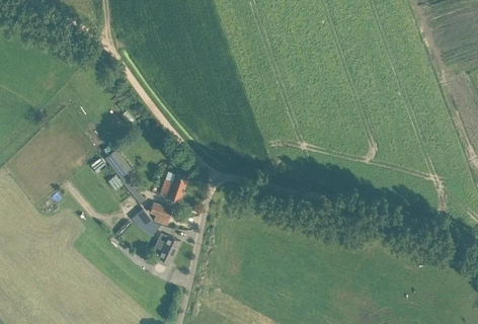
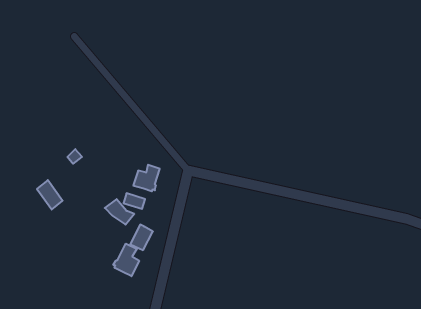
building: [104,149,131,179] -> [37,180,63,210]
building: none -> [113,244,139,276]

